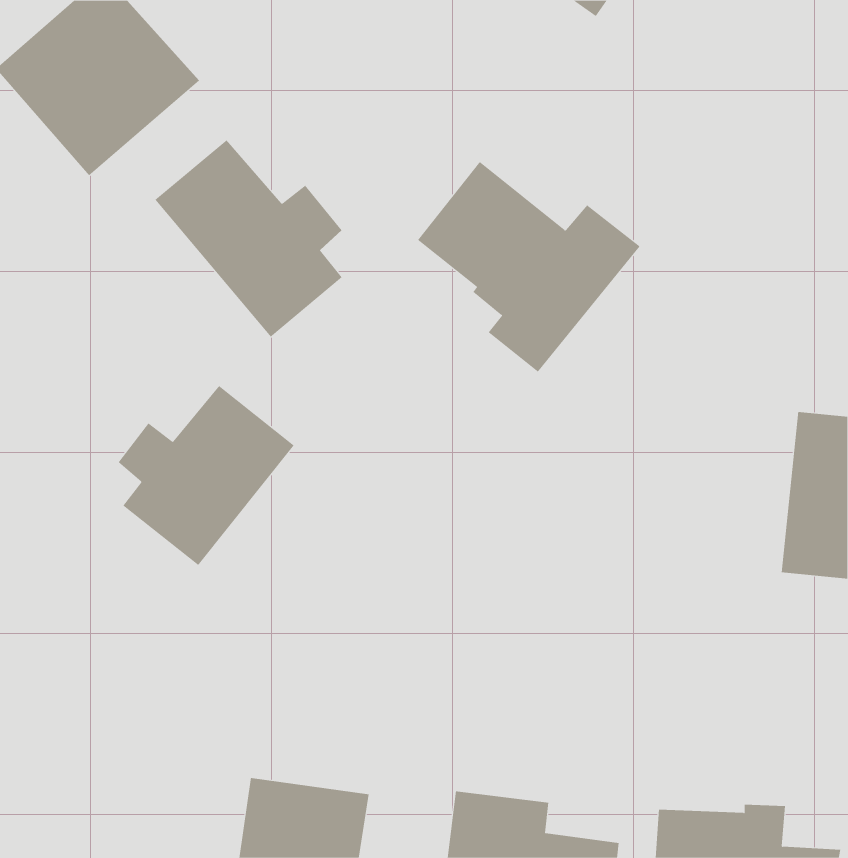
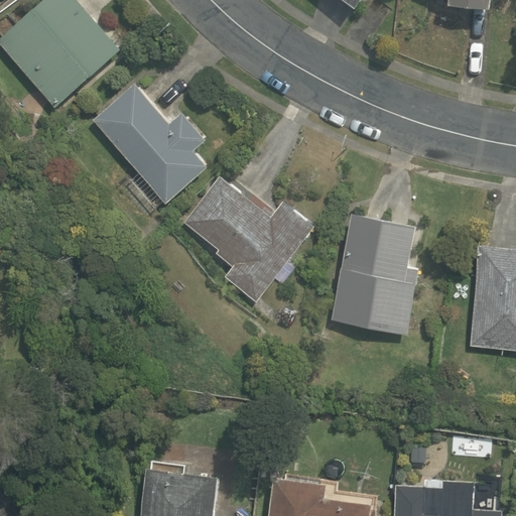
building: [417,161,641,373] -> [181,174,315,301]
building: none -> [333,216,417,337]
building: [118,385,295,566] -> none

